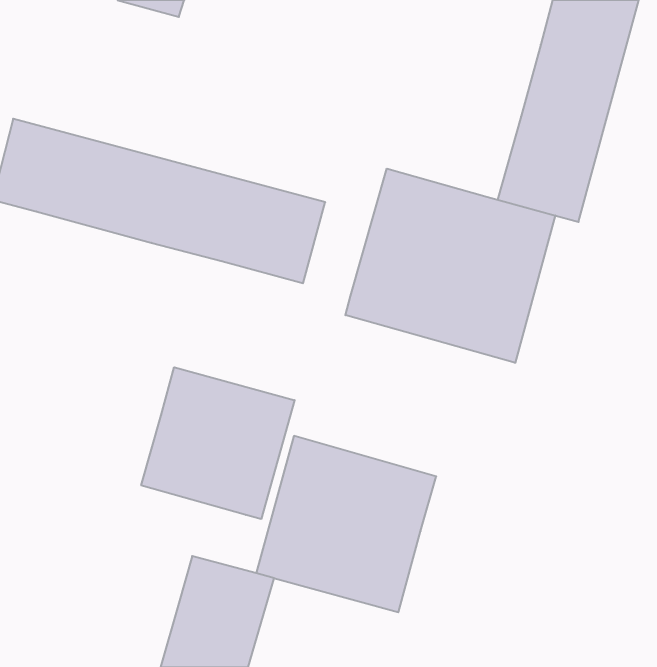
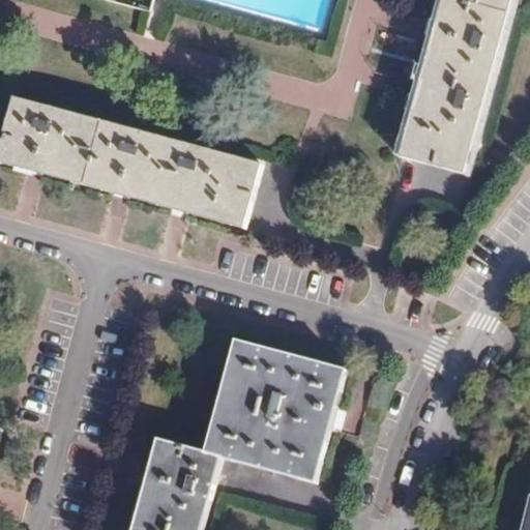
building: [345,169,555,363] -> none
building: [141,367,295,519] -> none

